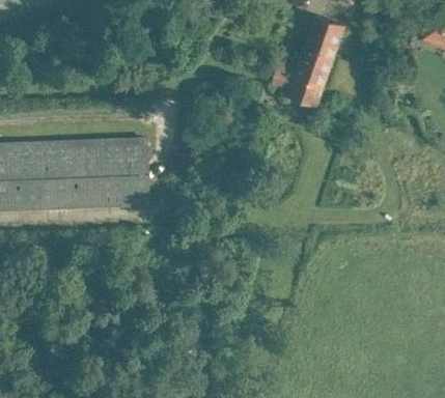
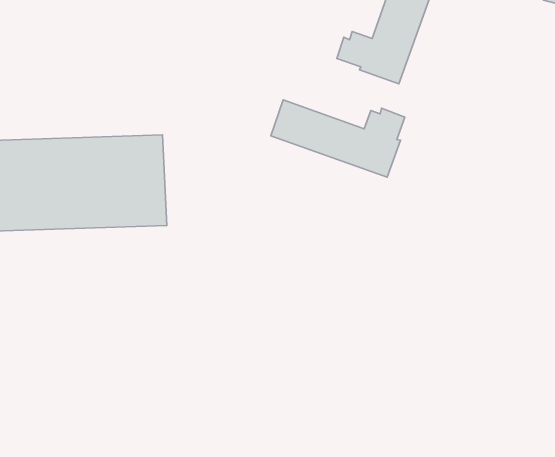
building: none -> [271,100,405,177]

